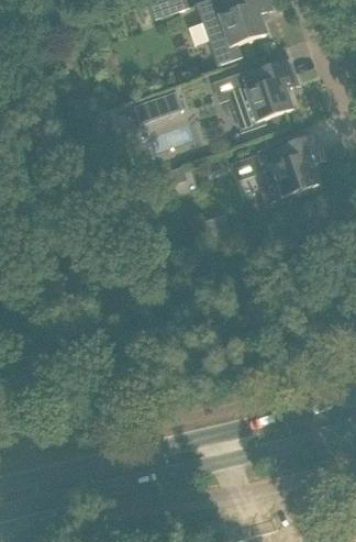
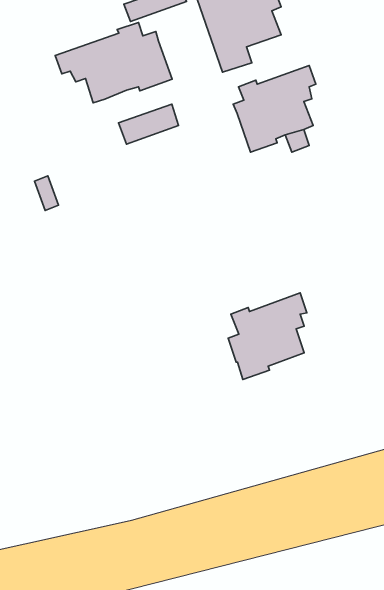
building: none -> [55,22,172,103]
building: [255,133,320,204] -> [228,293,307,379]

